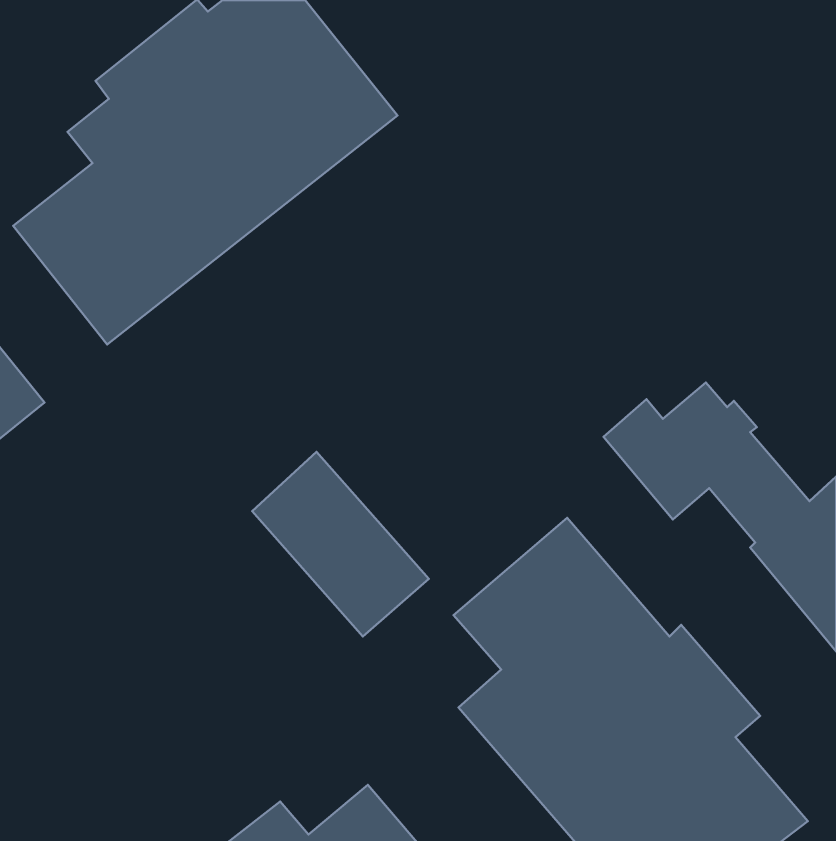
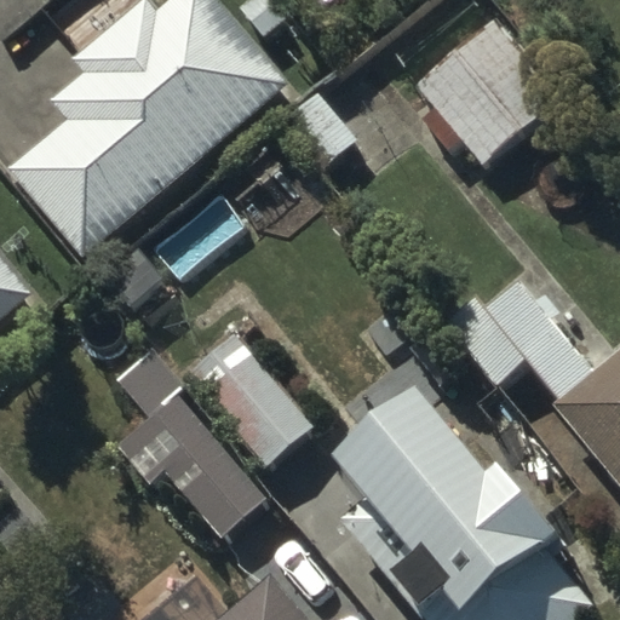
building: none -> [413,16,562,165]
building: none -> [113,366,268,538]

